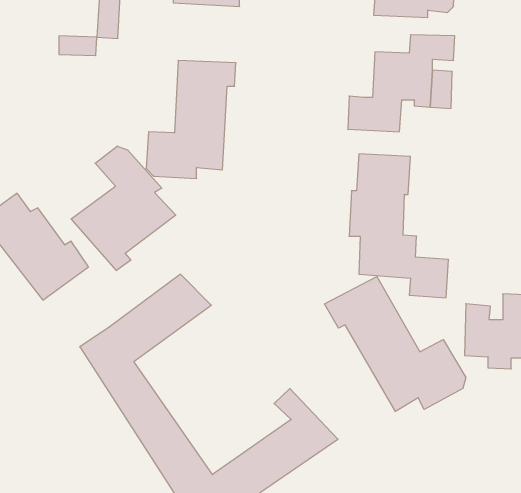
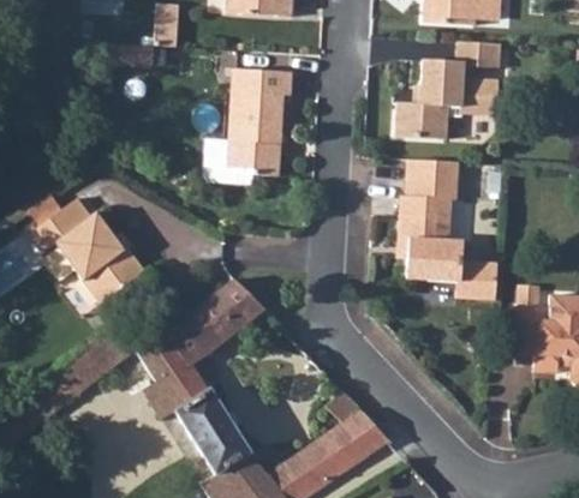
building: [71,146,176,271] -> none
building: [324,277,466,411] -> none

